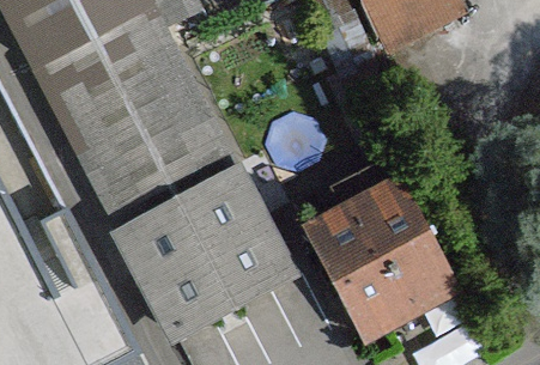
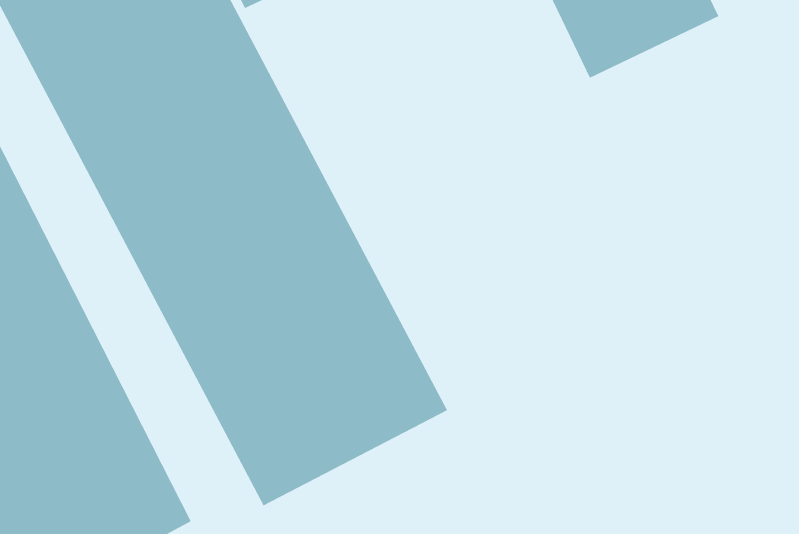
building: [308,175,455,331] -> none

